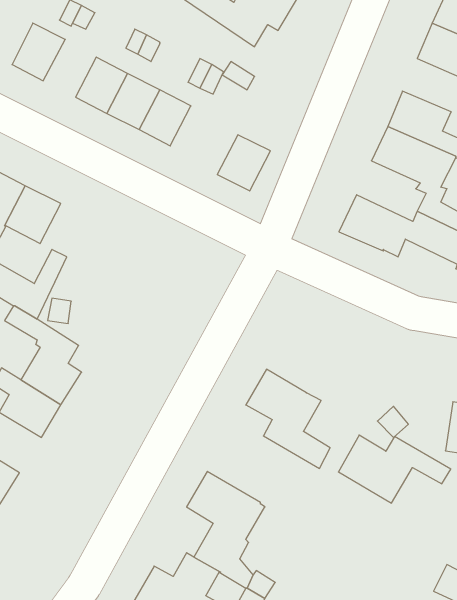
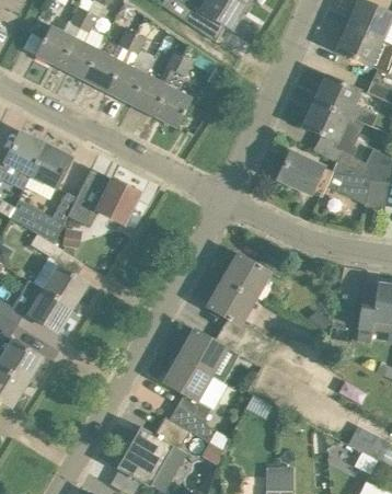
building: none -> [58,36,97,79]
building: [217,135,270,191] -> [152,85,192,127]
building: none -> [67,169,138,227]
building: none -> [223,253,285,298]
building: [338,435,451,503] -> [180,329,263,379]

